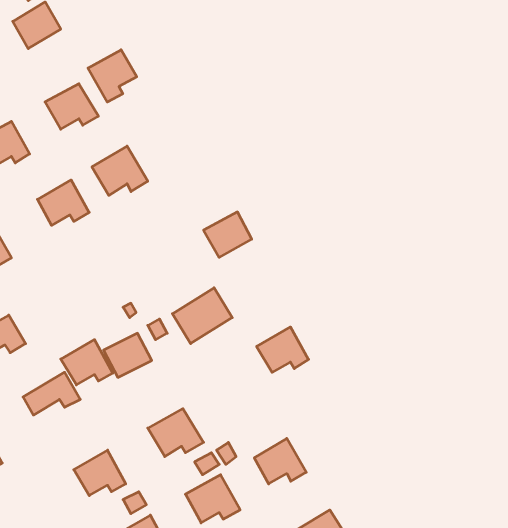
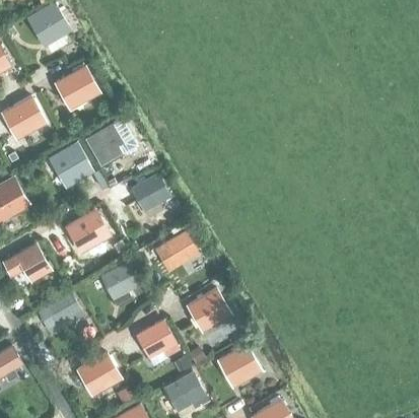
building: [88,50,137,102] -> none
building: [204,212,252,257] -> [132,176,169,211]
building: [257,327,309,372] -> [189,291,229,327]
building: [61,340,113,385] -> [67,212,108,248]

